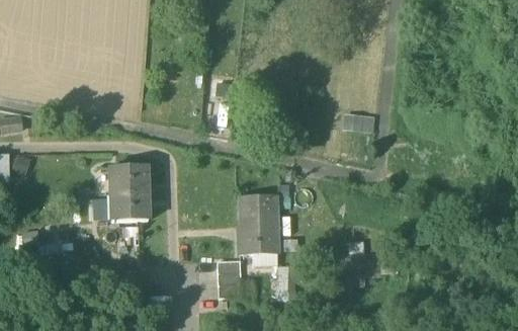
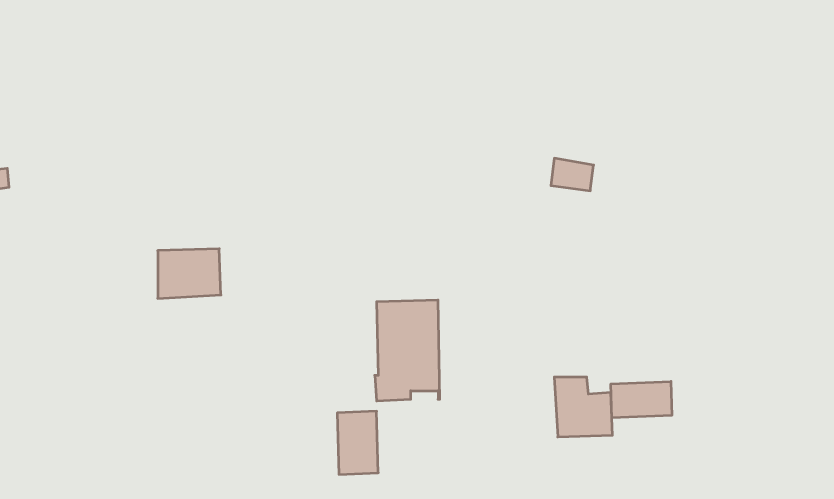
building: [109,191,147,221] -> none
building: none -> [611,381,672,418]

